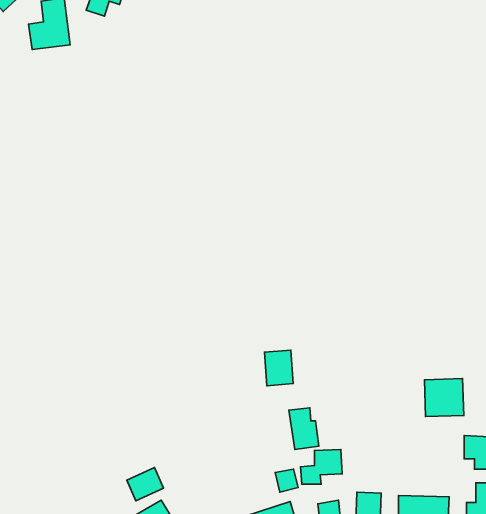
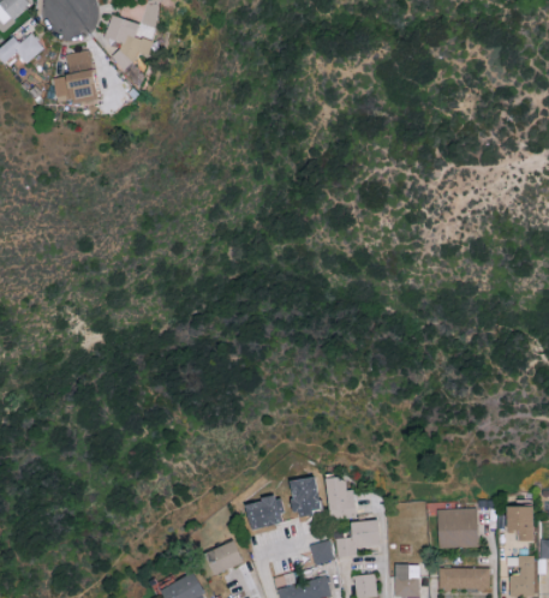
building: [264,350,293,386] -> [290,478,320,515]
building: [425,379,464,417] -> [437,508,478,548]
building: none -> [245,496,285,530]
building: [127,467,164,501] -> [204,540,243,575]

